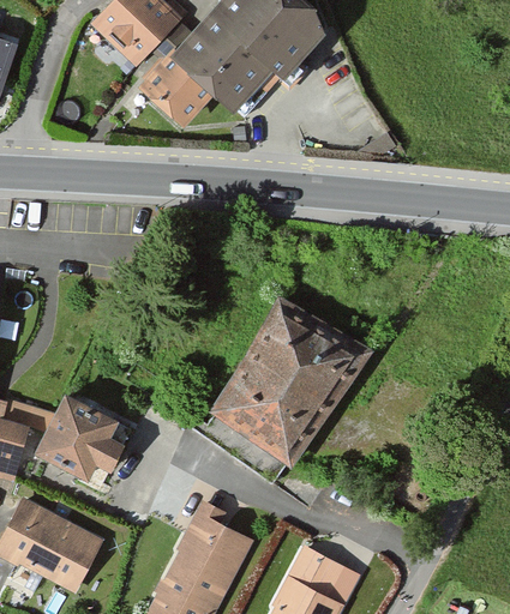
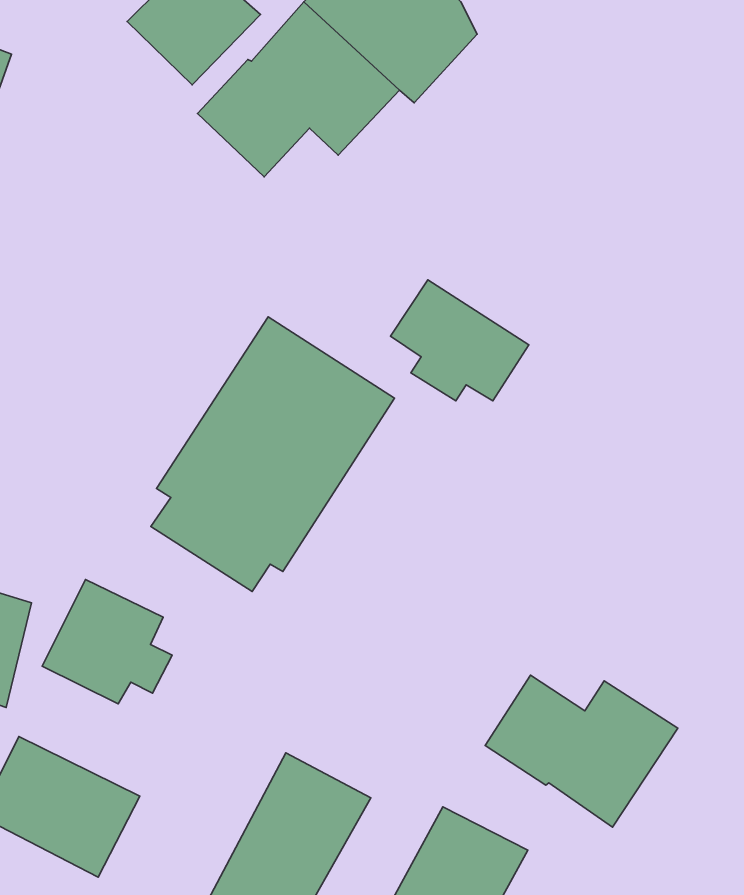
building: none -> [390,280,529,401]
building: [206,296,368,478] -> [151,317,395,591]
building: none -> [485,675,678,827]

